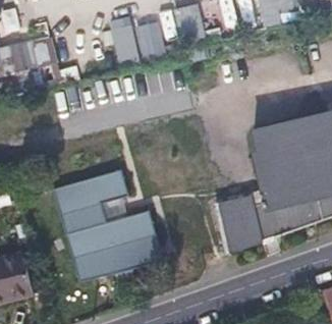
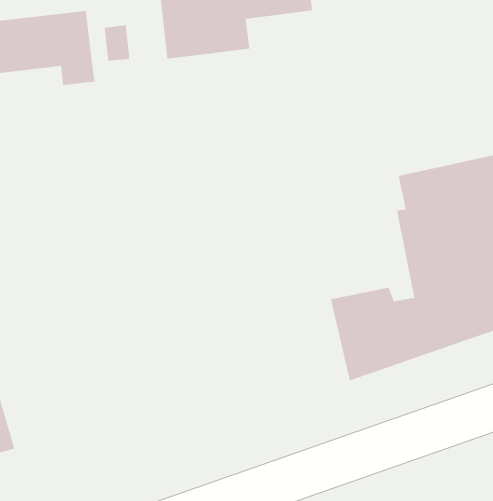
building: [54,168,164,278] -> none

